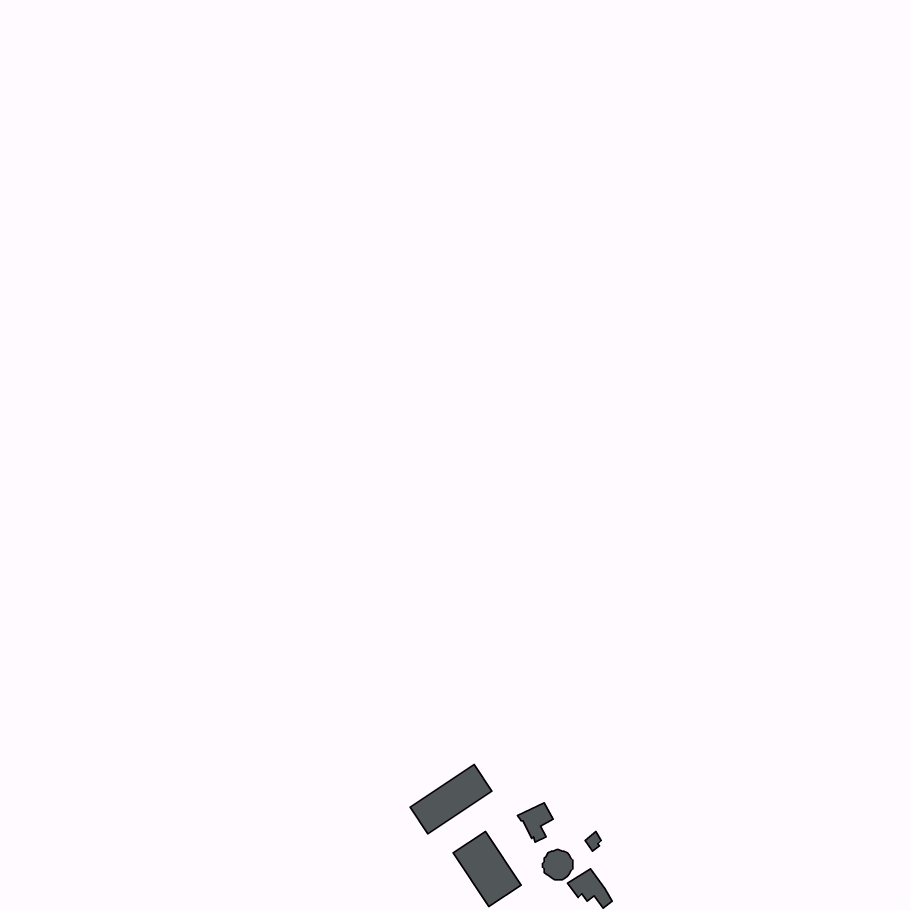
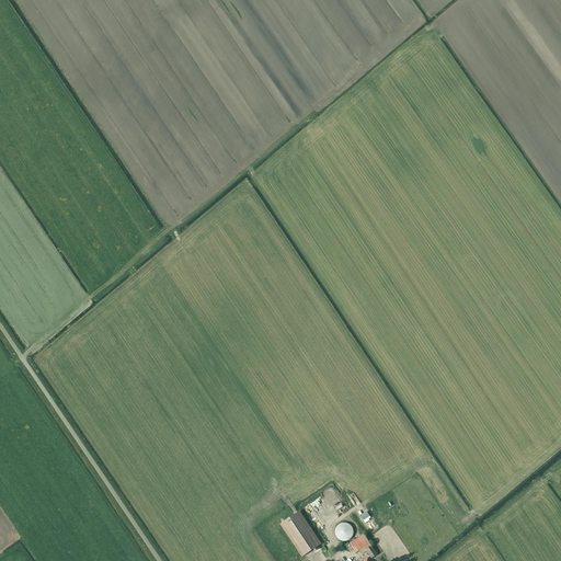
building: [410,764,492,834] -> none

